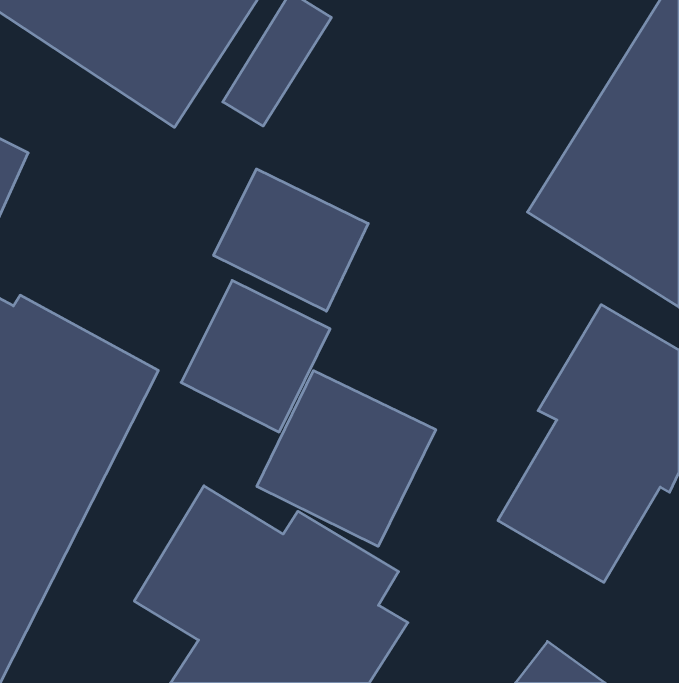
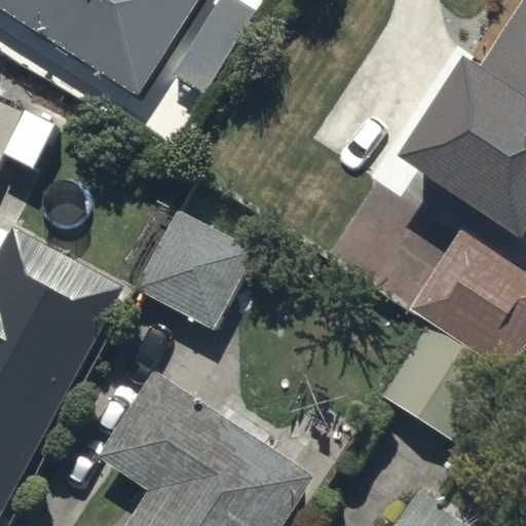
building: [214,169,368,311] -> none
building: [257,371,436,546] -> none

